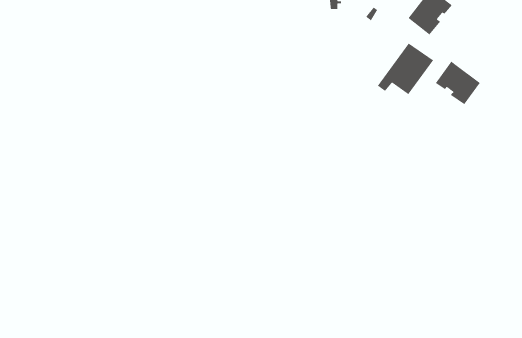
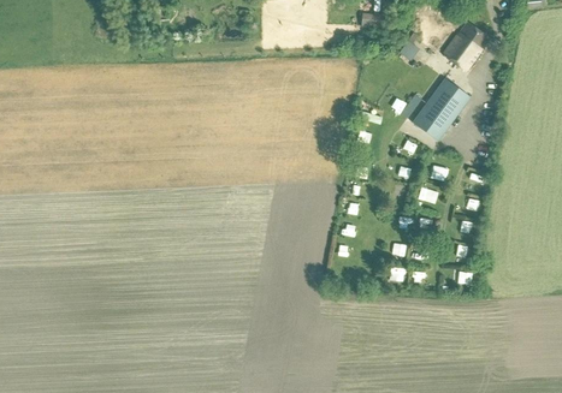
building: [435,61,481,105] -> none

